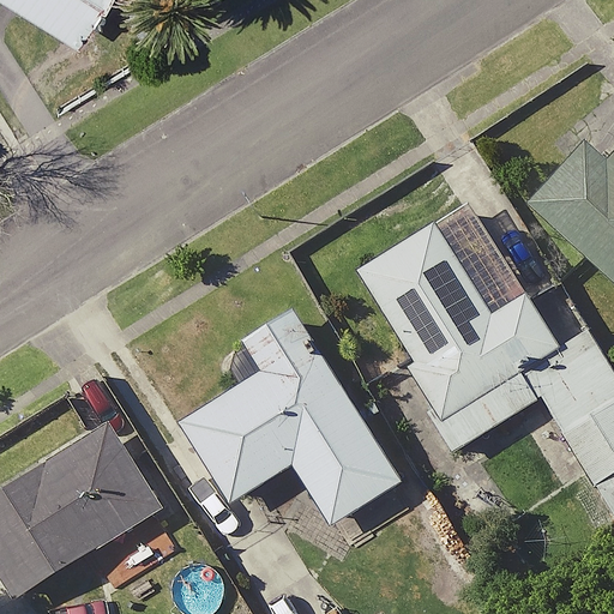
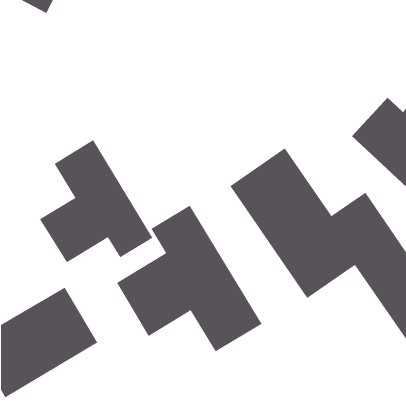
building: none -> [39,139,153,263]

